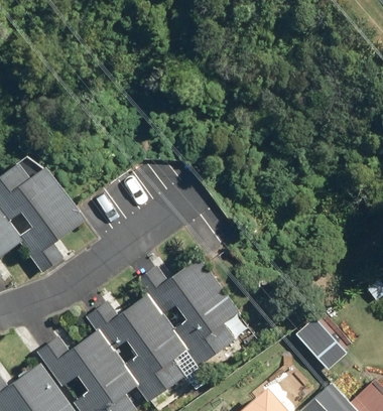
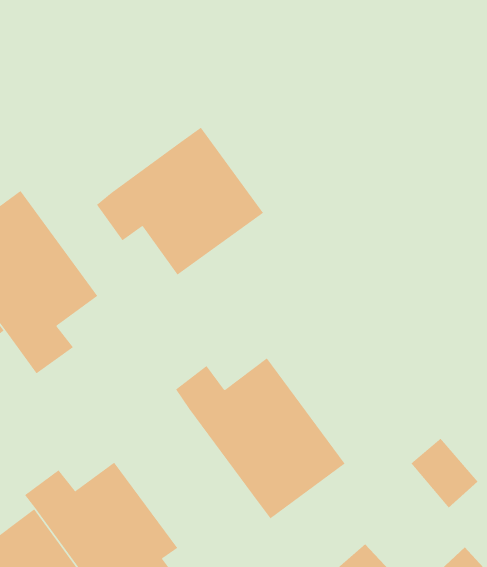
building: none -> [96,127,264,276]
building: [86,295,187,396] -> none

